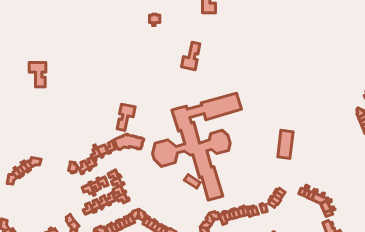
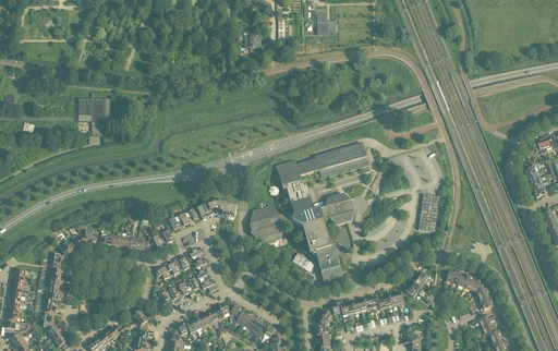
building: [181,42,200,70] -> none
building: [117,104,135,130] -> none

